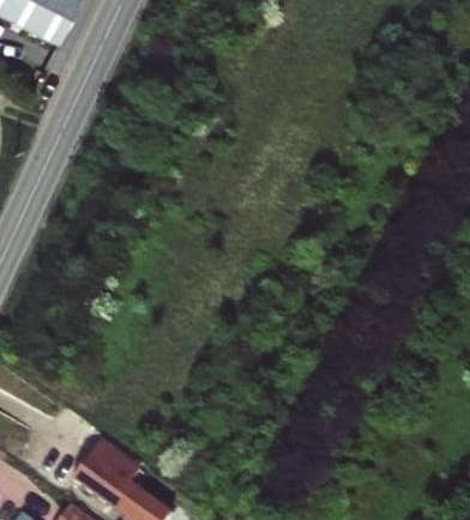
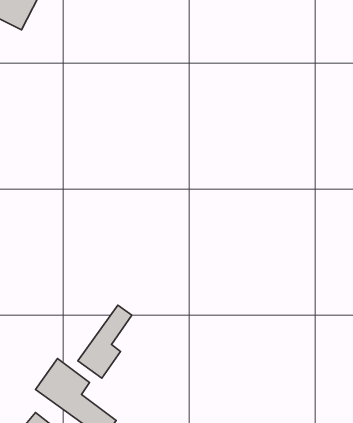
building: none -> [78,305,132,378]

